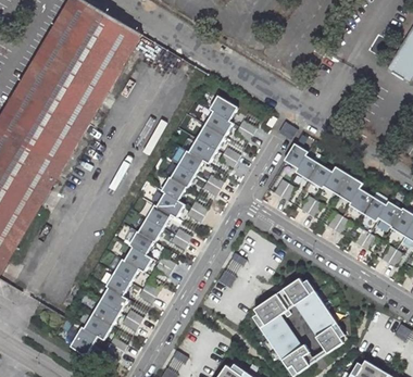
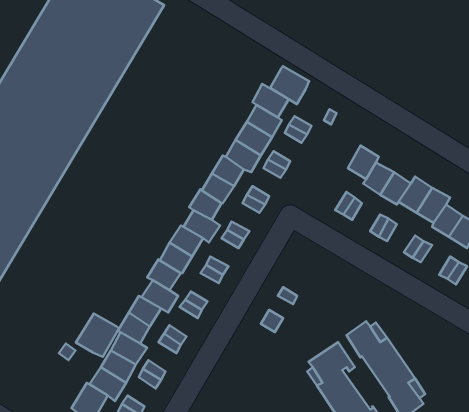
building: none -> [270,66,309,104]
building: none -> [76,313,119,357]

